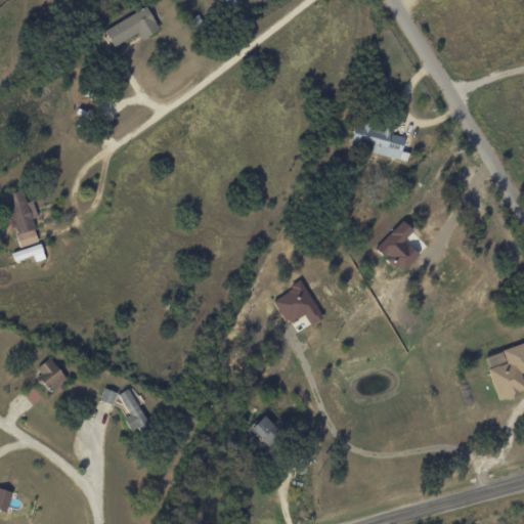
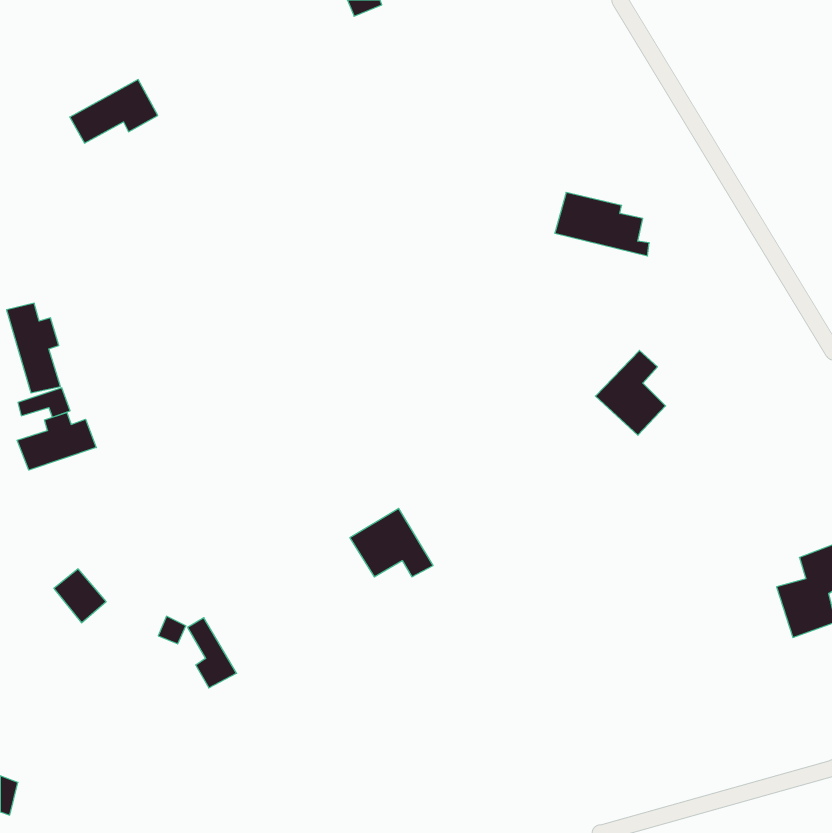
building: [104,6,160,46] -> [70,80,158,143]
building: none -> [17,412,96,470]
building: [271,281,323,324] -> [350,508,433,577]
building: [252,413,282,445] -> none

